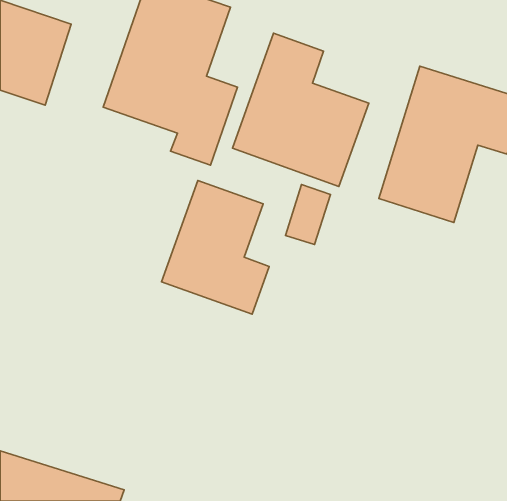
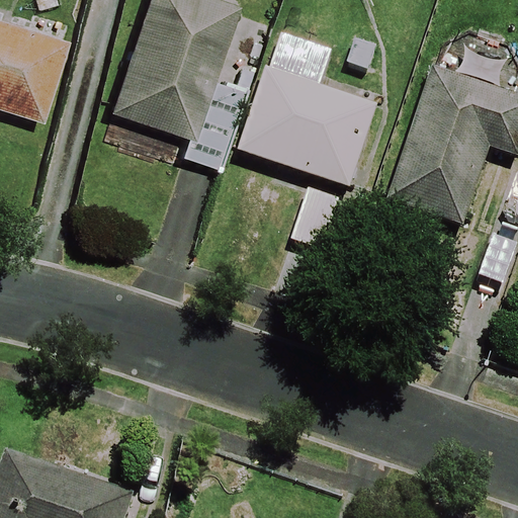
building: [162,181,269,314] -> none

